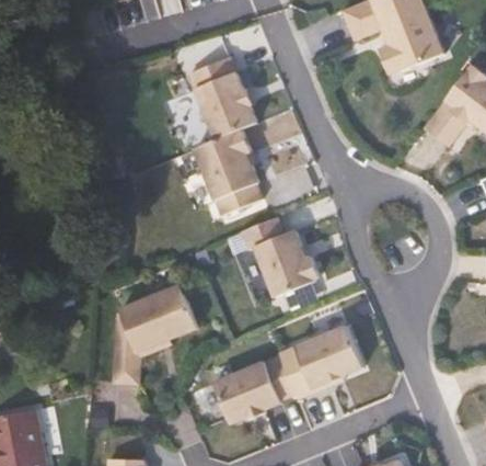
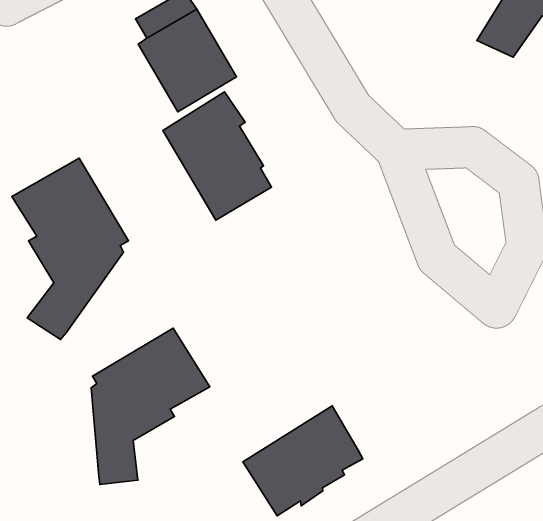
building: none -> [12,158,129,340]
building: [242,216,320,296] -> none
building: [279,325,363,397] -> none

